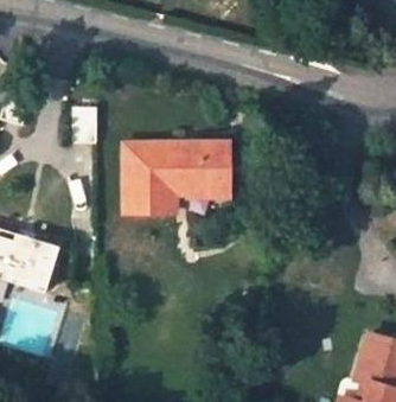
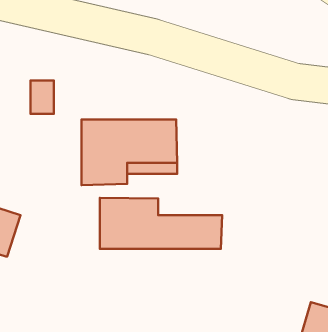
building: none -> [100,198,222,249]

